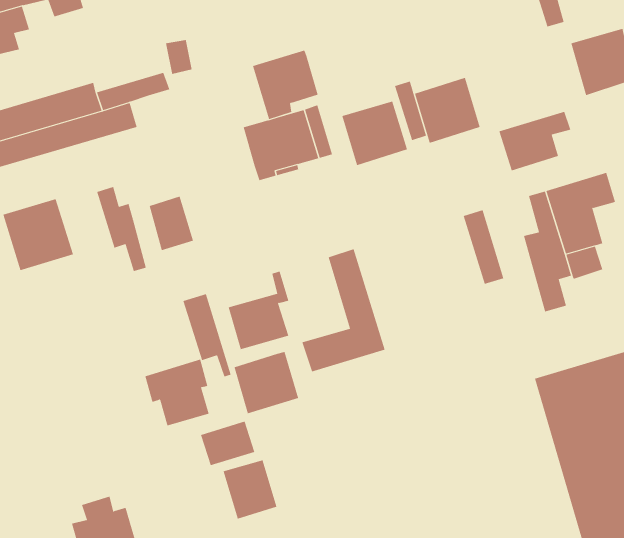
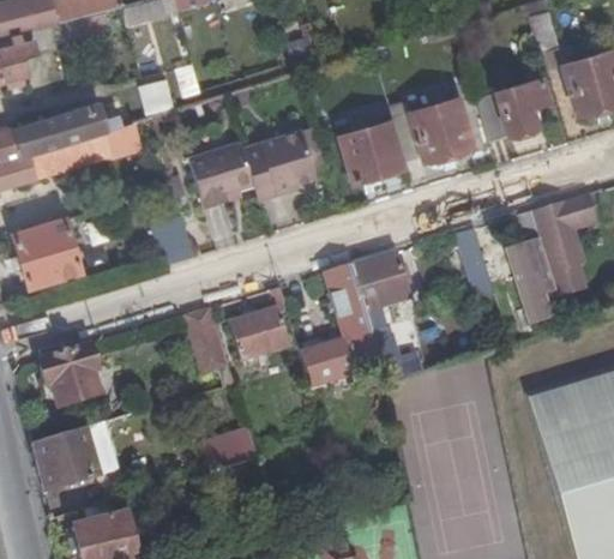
building: [252,50,319,120] -> [192,140,255,208]
building: [499,111,571,171] -> [476,85,546,143]
building: [97,186,147,272] -> none
building: none -> [351,250,420,380]
building: [234,351,299,414] -> none
building: [144,359,209,426] -> [42,341,104,405]
building: none -> [32,429,97,493]
building: [223,459,277,520] -> none

